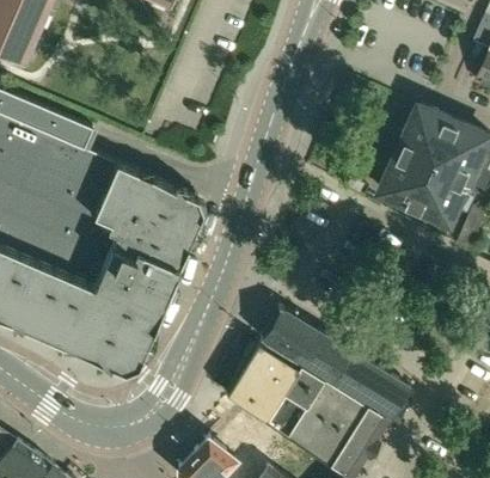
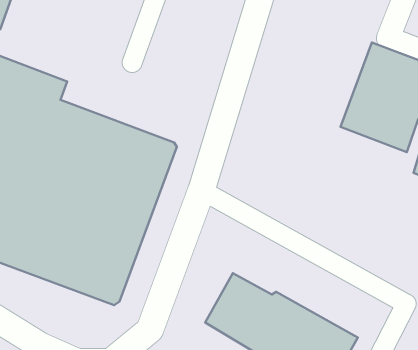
building: [261,308,406,418] -> none

